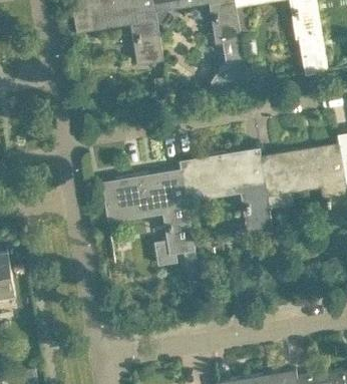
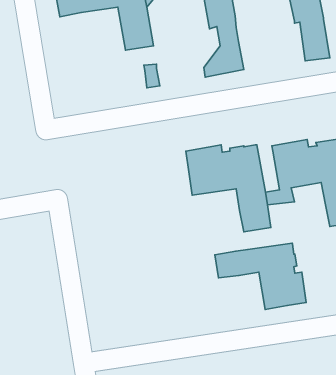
building: [101,172,194,265] -> none
building: none -> [215,243,306,310]

